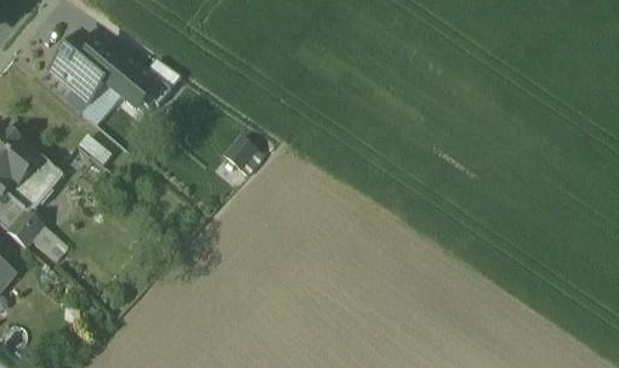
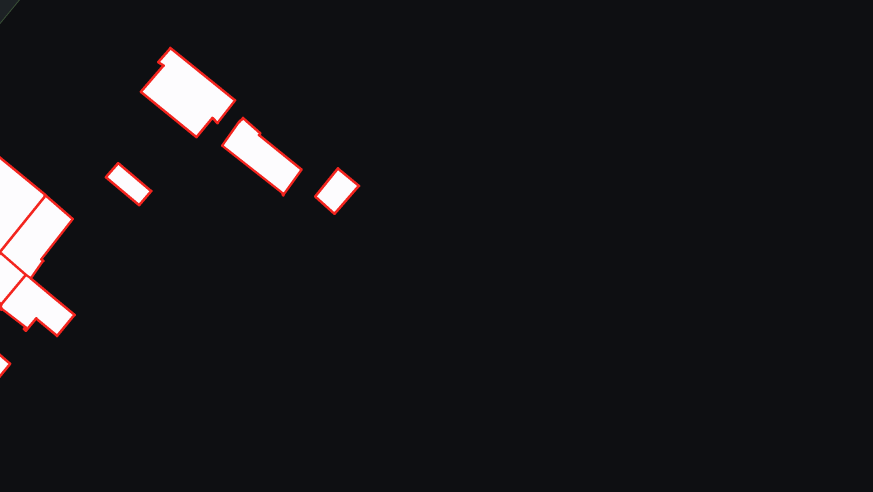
building: [51,35,120,104] -> none
building: none -> [222,118,301,195]

